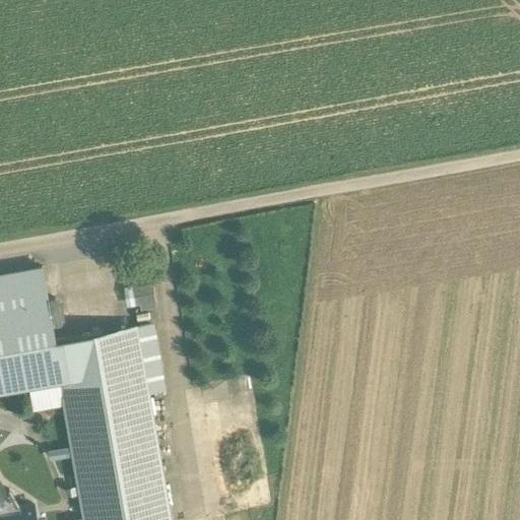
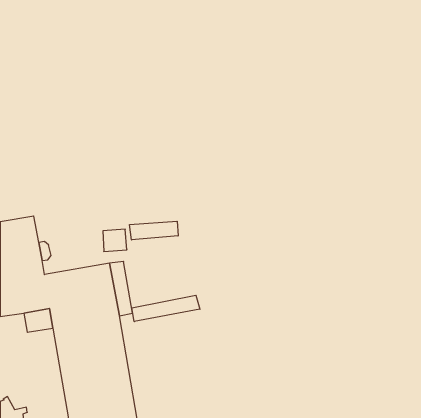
building: none -> [130,221,178,240]
building: none -> [132,295,200,322]

